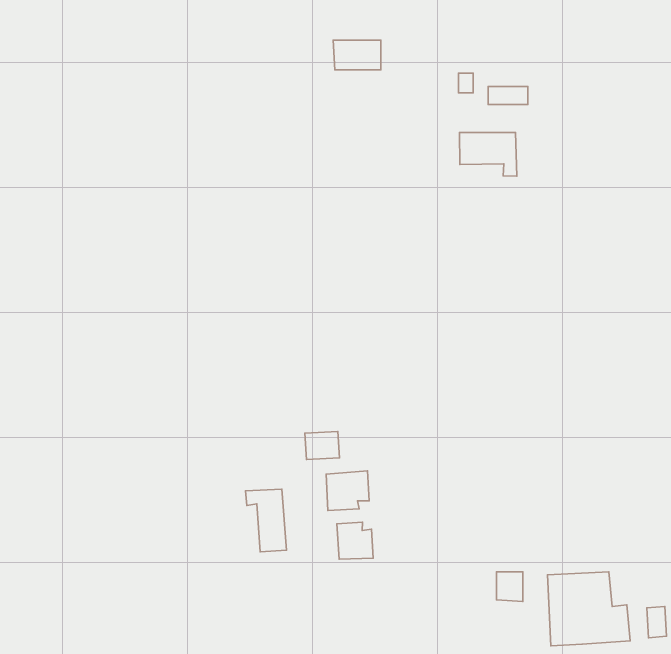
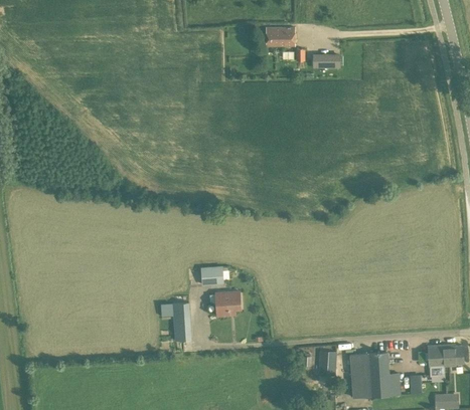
building: [333,40,381,70] -> [265,28,294,46]
building: [459,133,517,176] -> none
building: [337,522,373,559] -> none

